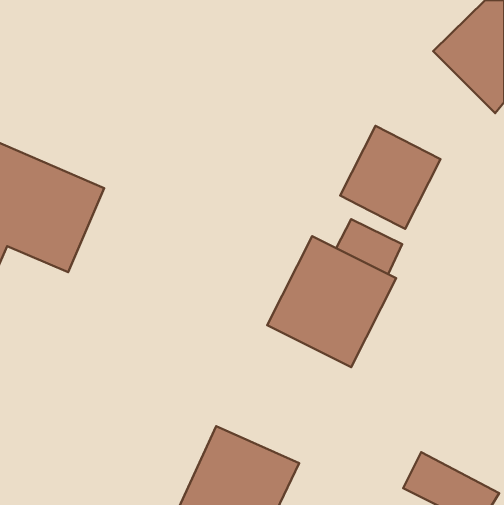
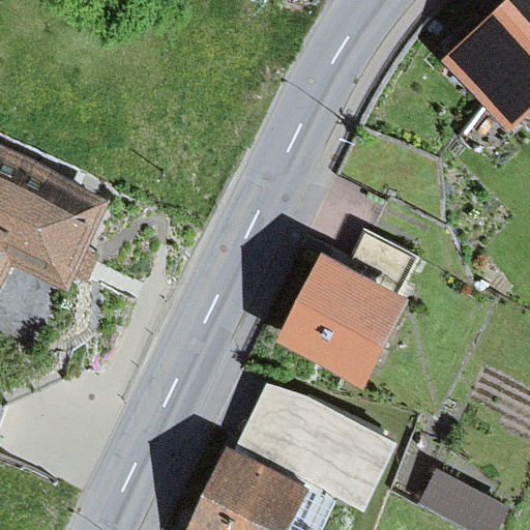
building: [340,126,441,229] -> none
building: none -> [233,384,394,508]

